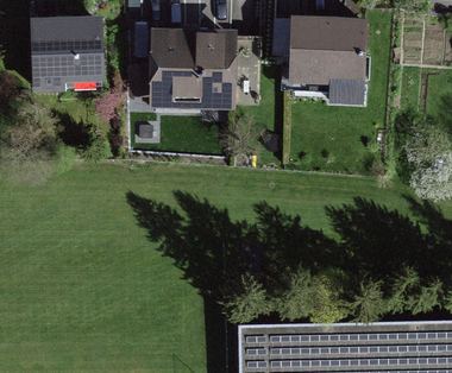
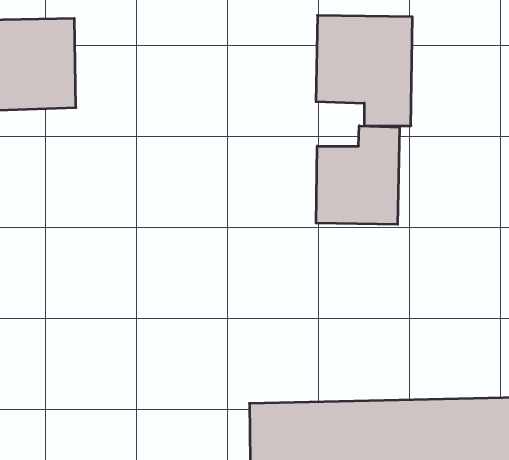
building: [150,29,236,108] -> none
building: none -> [316,126,399,224]

